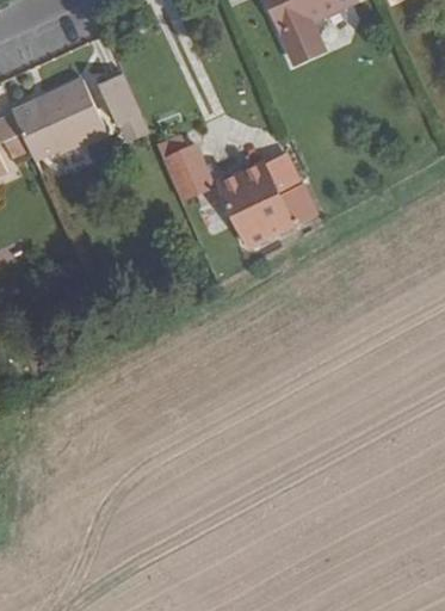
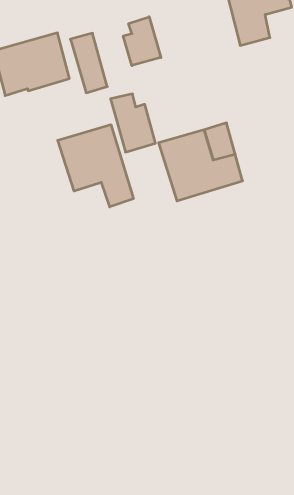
building: none -> [123,17,161,66]
building: none -> [58,125,133,207]

